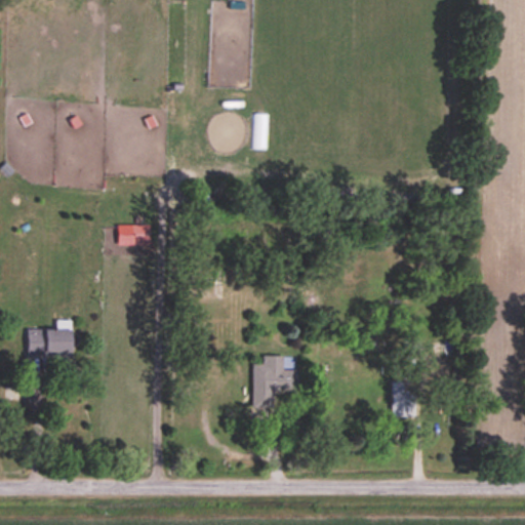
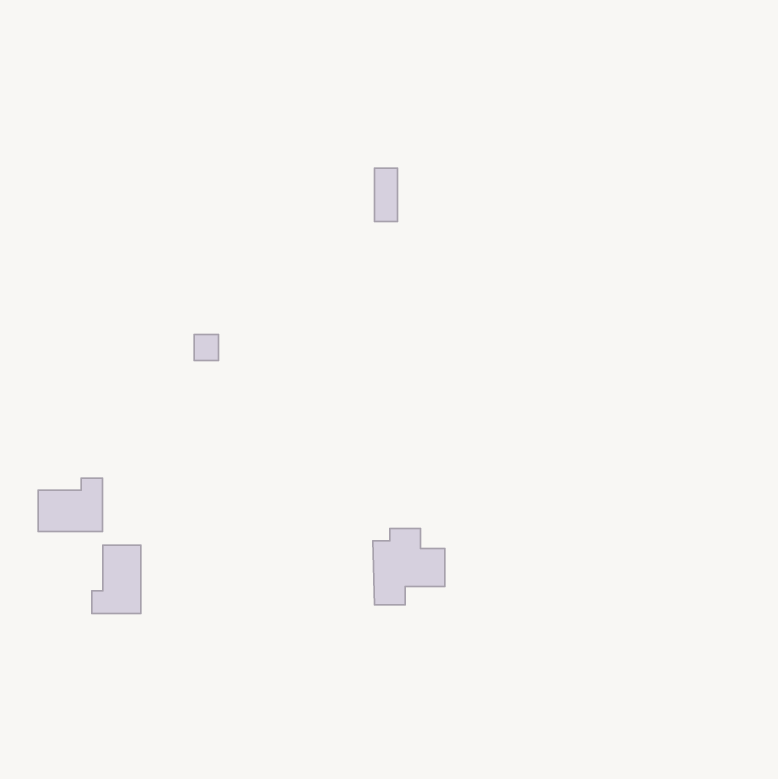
building: none -> [92,545,141,614]
building: [392,382,409,416] -> none

